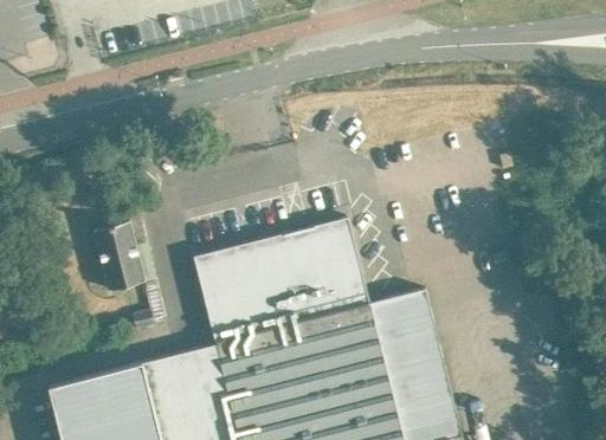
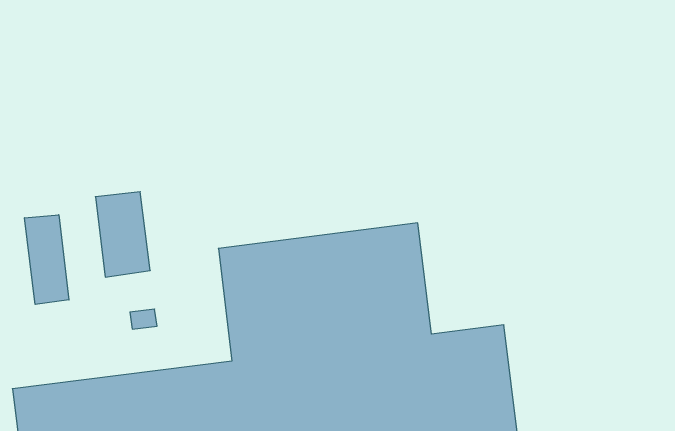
building: none -> [25,215,69,304]

